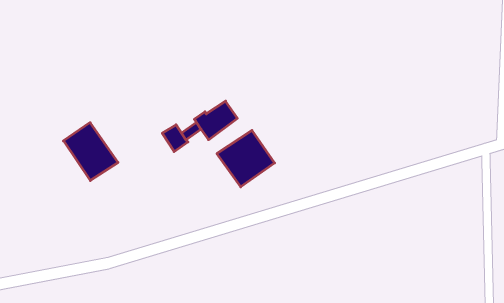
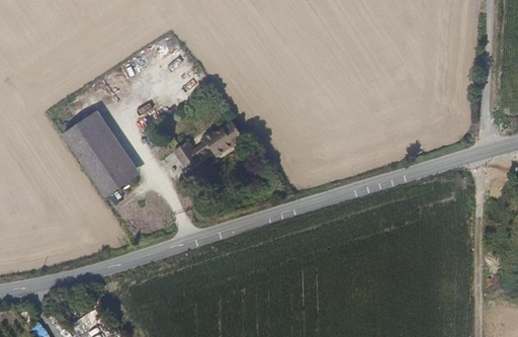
building: none -> [64,116,106,158]
building: [217,130,275,187] -> none

